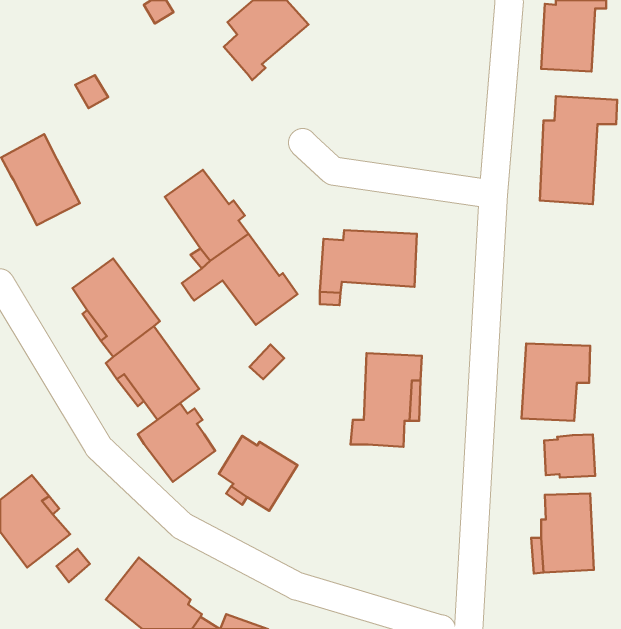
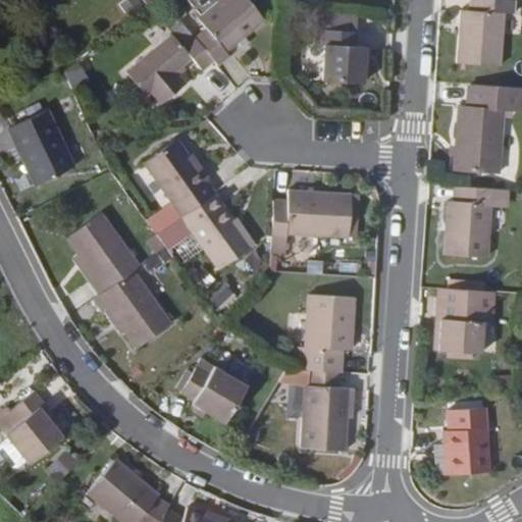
building: none -> [322,14,365,82]
building: none -> [123,35,212,106]
building: none -> [445,182,508,252]
building: [138,403,215,482] -> none
building: [544,434,595,477] -> none
building: none -> [304,368,351,449]

